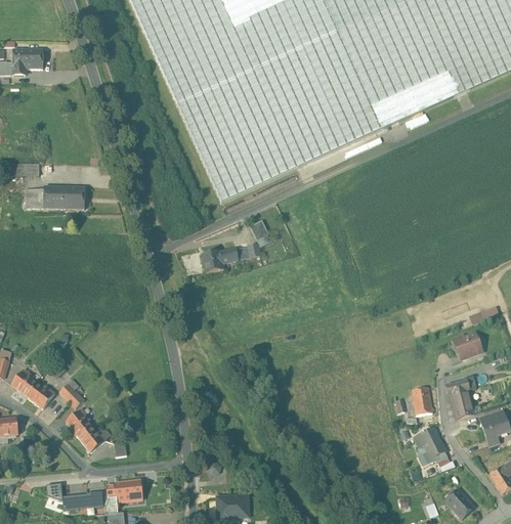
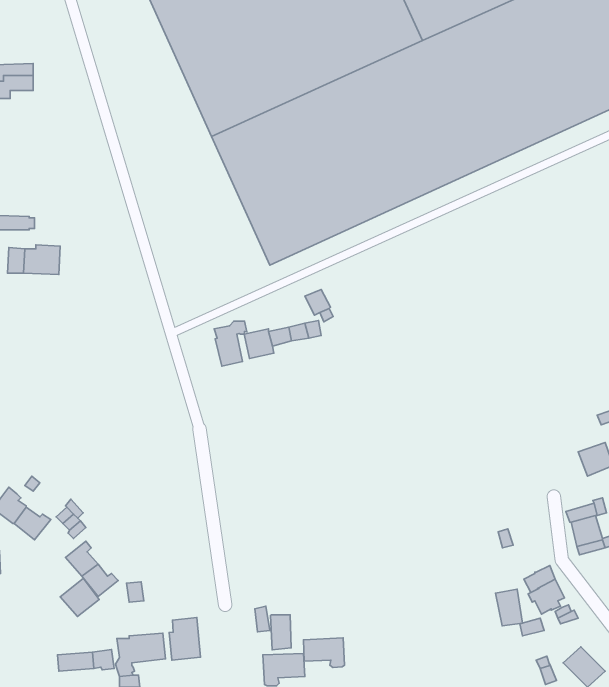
building: [61,186,84,208] -> none
building: none -> [214,321,247,366]
building: [412,388,432,416] -> [495,589,523,626]
building: none -> [60,579,99,617]
building: none -> [271,615,291,650]
building: none -> [169,617,200,660]
building: none -> [303,638,345,668]

